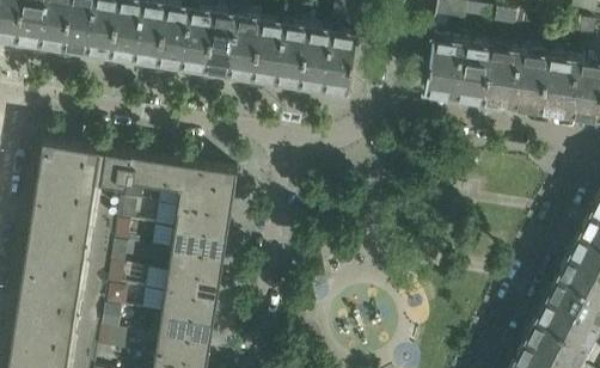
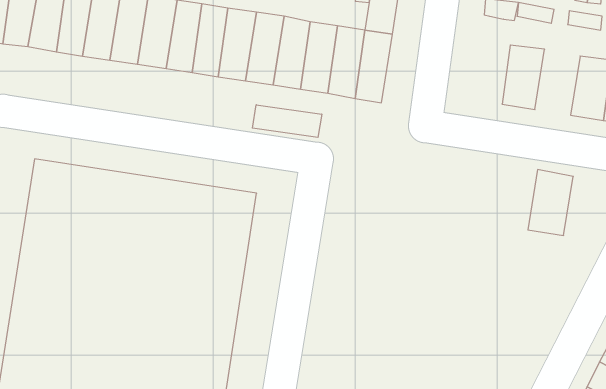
building: [424,38,459,94] -> none
building: [480,47,520,104] -> [528,170,573,235]
building: none -> [252,105,322,137]

